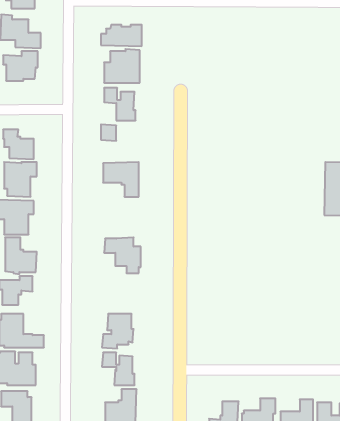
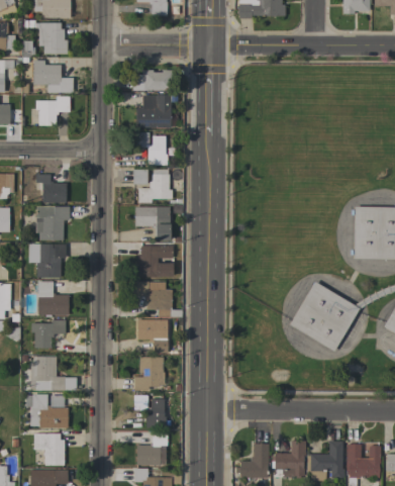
building: none -> [138,169,173,203]
building: none -> [138,246,174,277]
building: none -> [290,282,361,352]
building: none -> [138,319,169,353]

